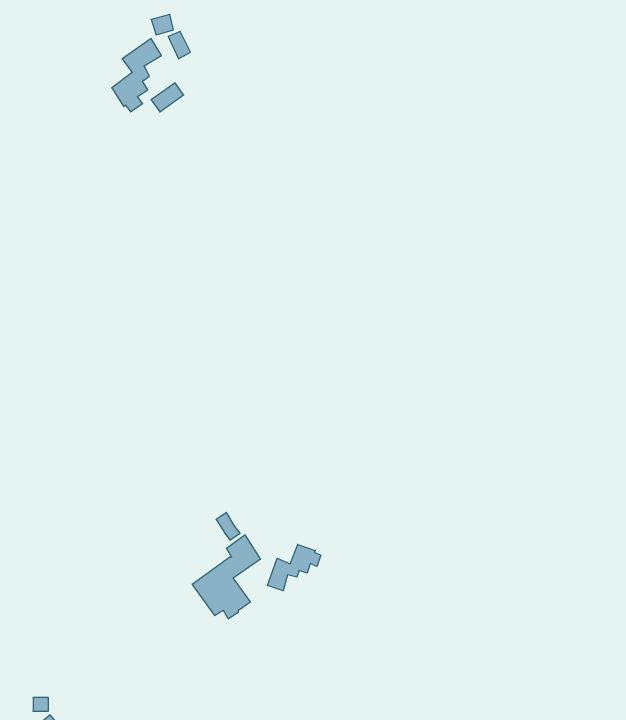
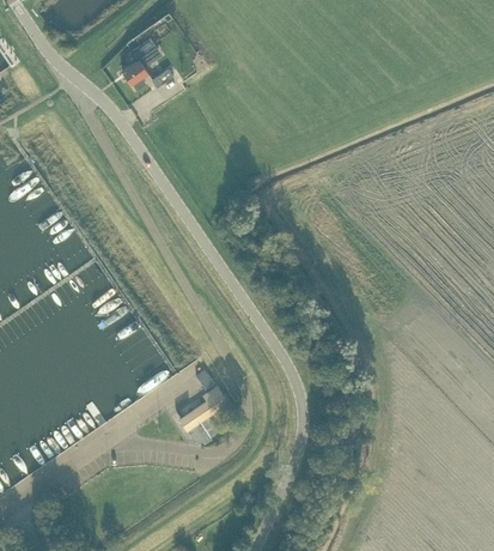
building: [268,544,321,591] -> none

